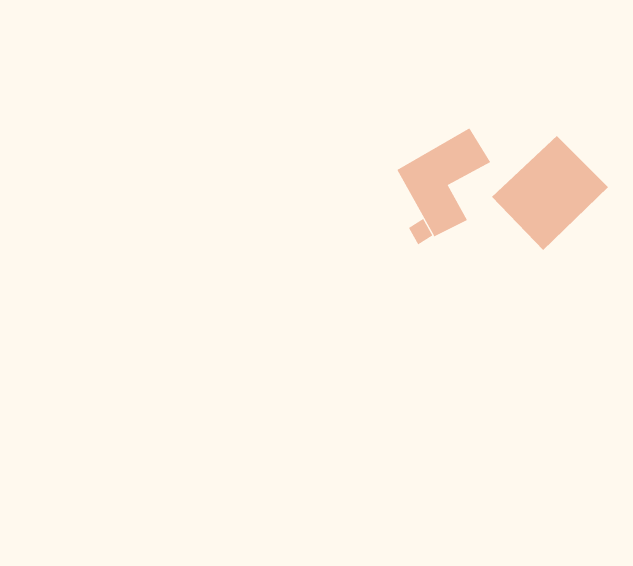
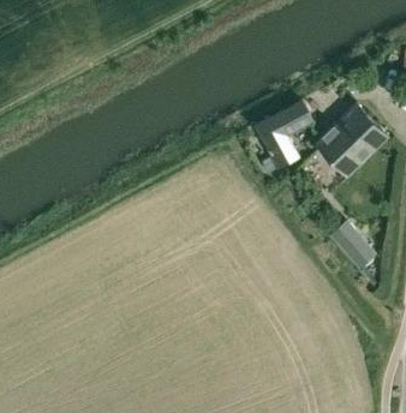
building: none -> [330,222,374,267]

